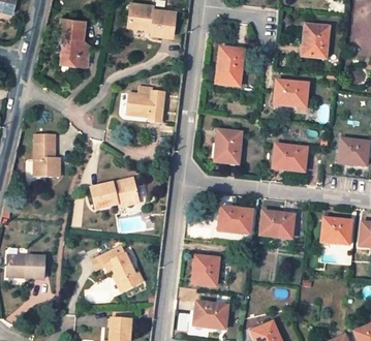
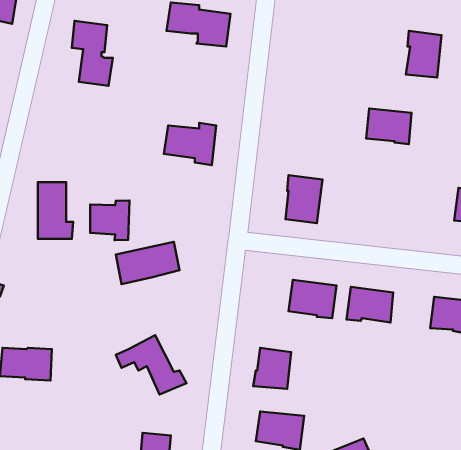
building: [215,45,244,86] -> none
building: [272,143,306,171] -> none
building: none -> [90,201,130,240]

